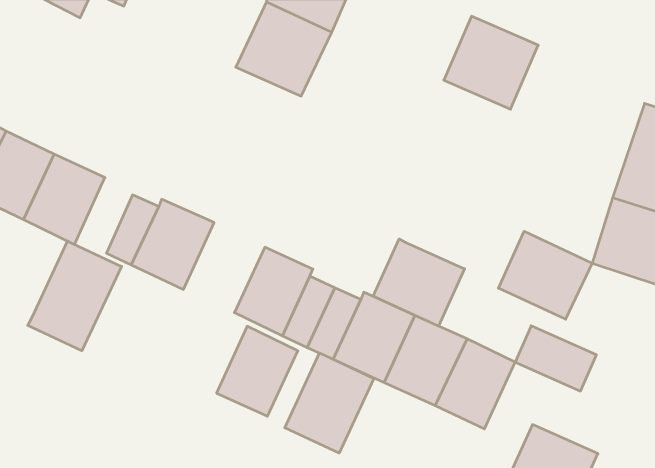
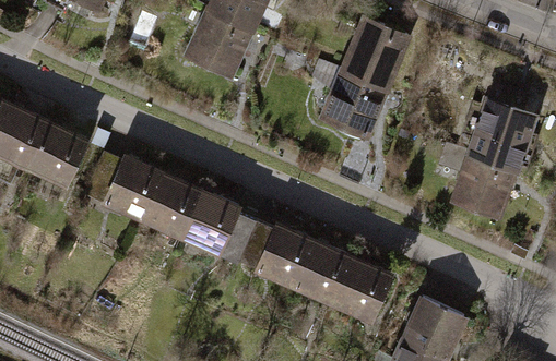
building: none -> [319,65,391,136]
building: [498,231,592,319] -> none
building: [373,239,465,326] -> none
building: [28,241,122,351] -> none
building: [515,326,596,391] -> [407,297,469,346]
building: [217,326,298,416] -> [145,172,206,240]
building: [285,353,374,453] -> none

